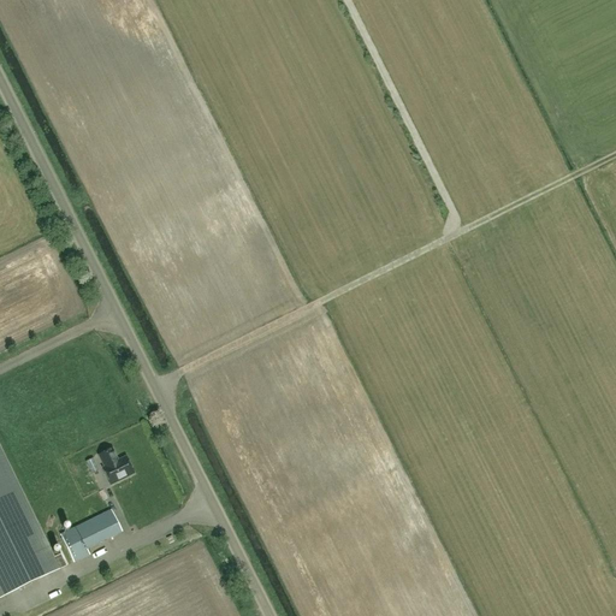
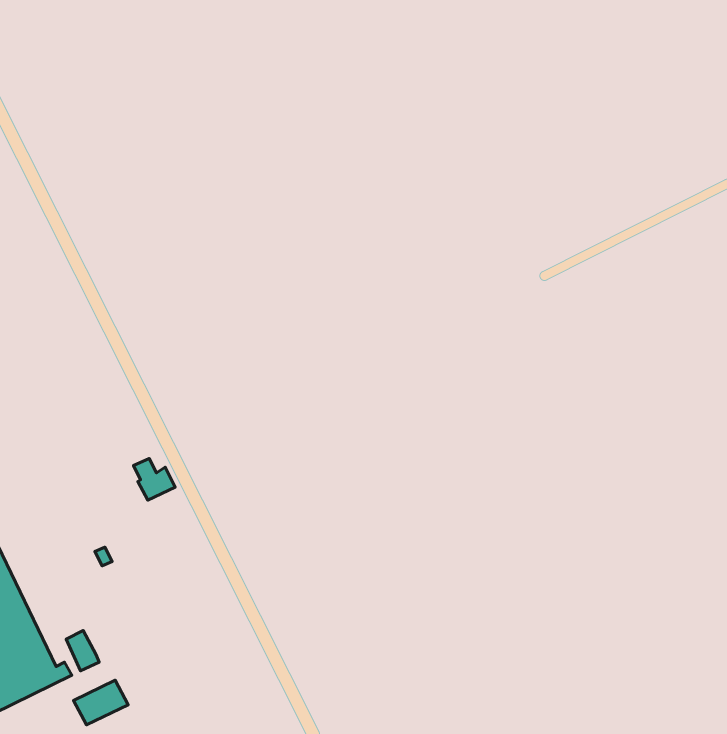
building: [93,450,128,485] -> [133,458,175,500]
building: [70,511,116,549] -> [73,680,128,725]

